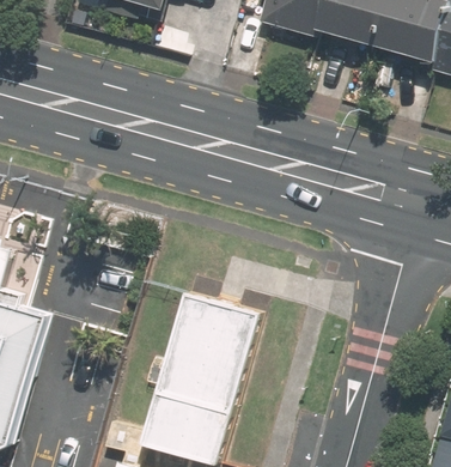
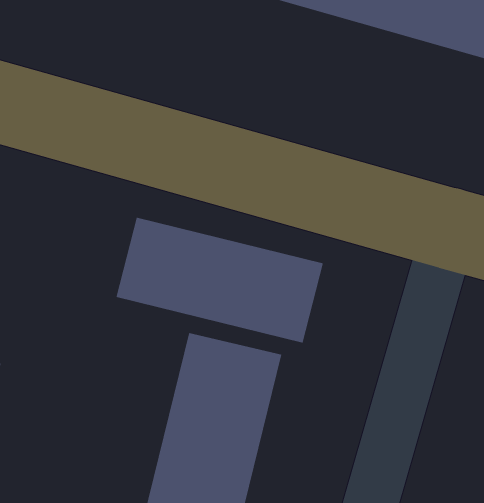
building: none -> [116,217,324,344]

